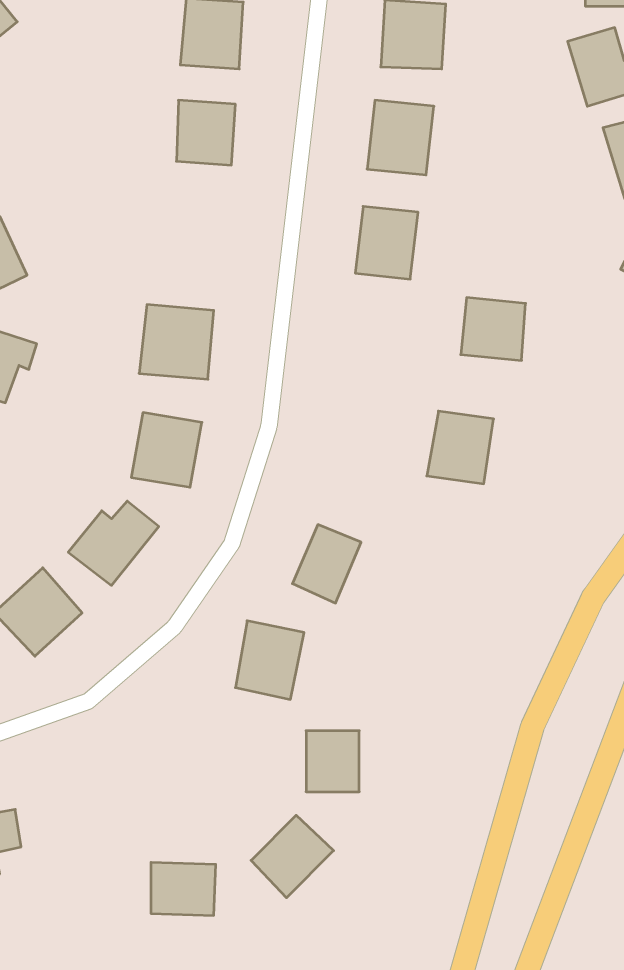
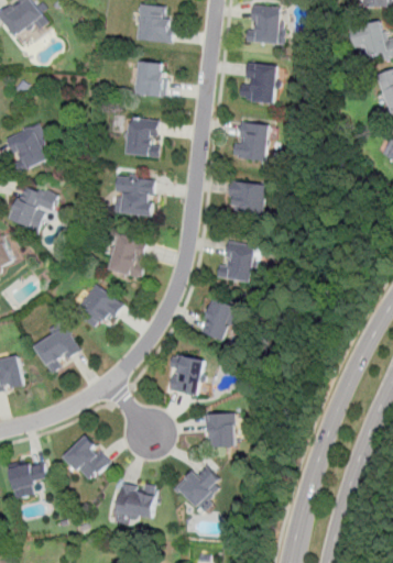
building: none -> [124,118,159,156]
building: [461,298,526,360] -> [227,180,263,216]
building: [427,411,494,484] -> [218,242,255,283]
building: none -> [63,435,110,483]

